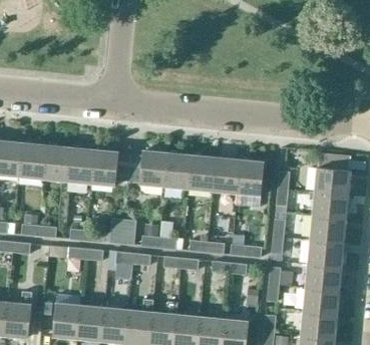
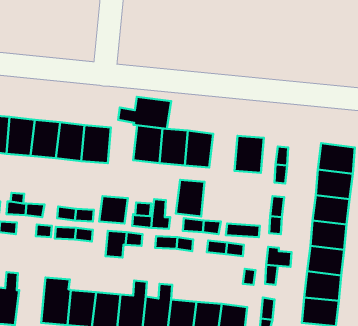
building: none -> [118,97,171,129]
building: [213,158,240,194] -> [176,180,204,217]

